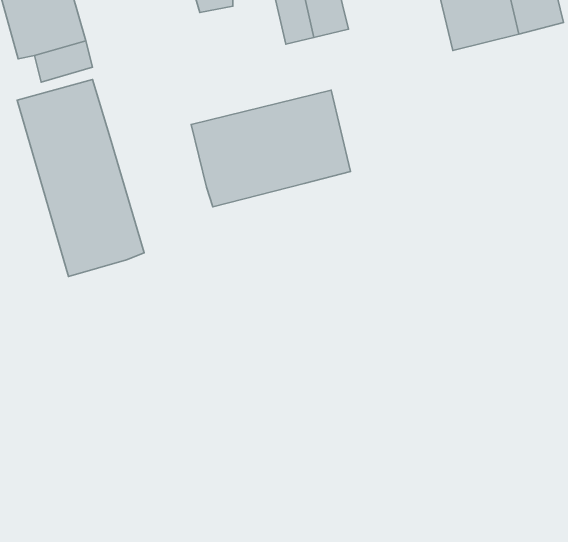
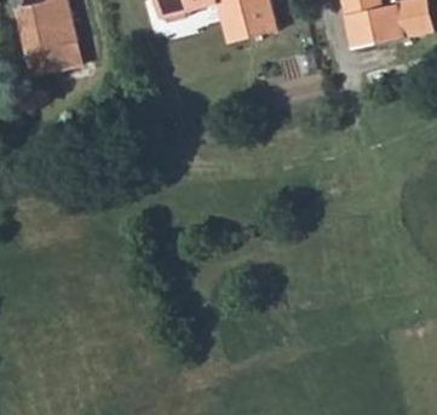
building: [17,79,144,277] -> none
building: [191,90,350,207] -> none

